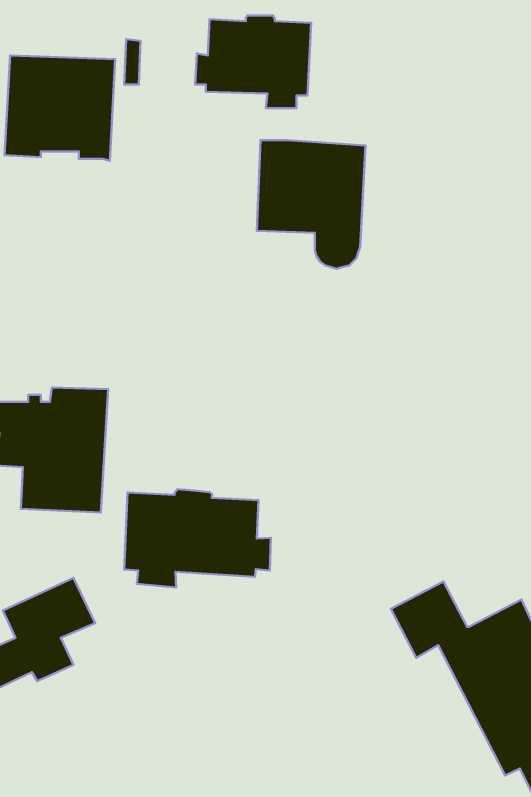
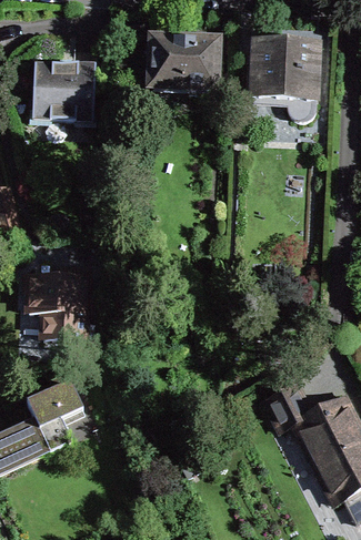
building: [257,140,366,269] -> [252,40,319,119]
building: [124,489,271,587] -> none

